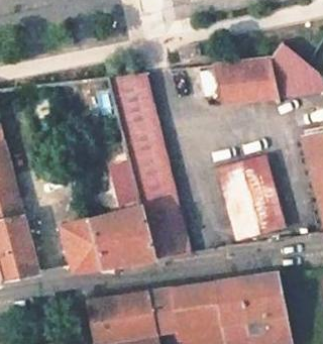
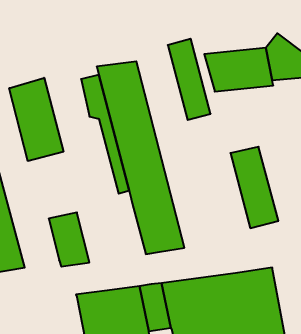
building: none -> [9,78,63,161]
building: [215,161,256,240] -> [168,39,211,120]
building: [89,206,155,267] -> none

